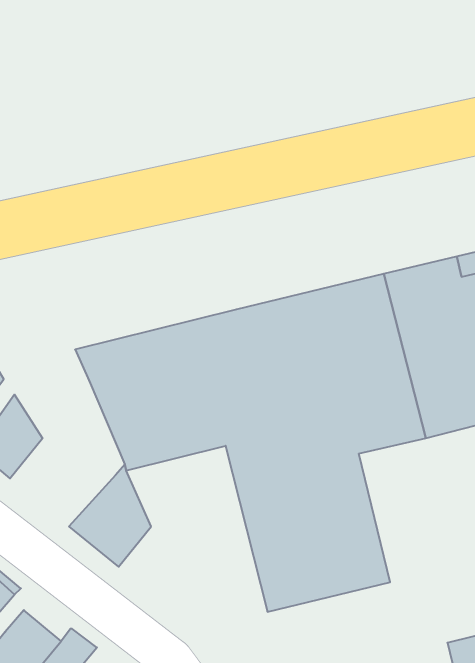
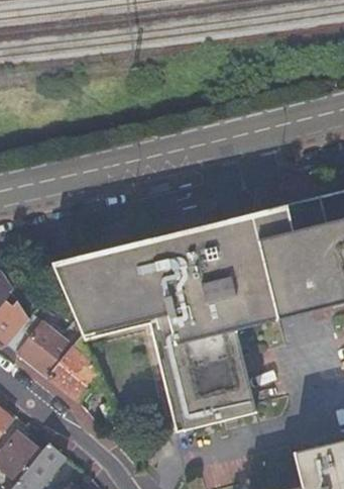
building: none -> [8,305,77,378]

